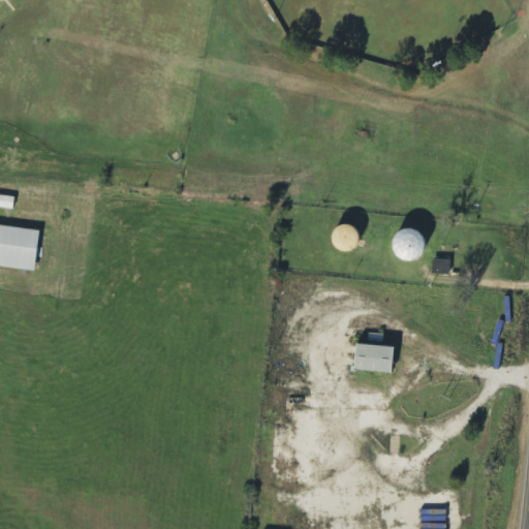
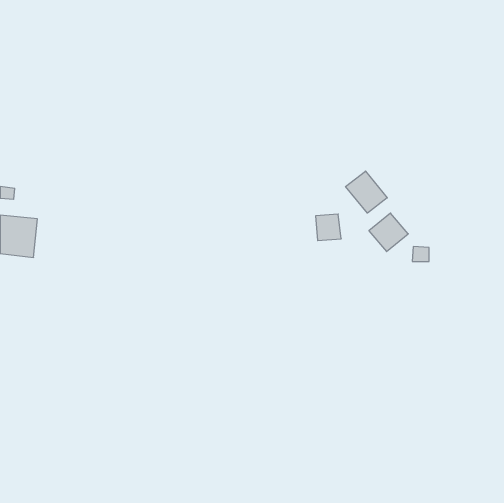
building: none -> [346,171,387,213]
building: [354,344,393,372] -> none

